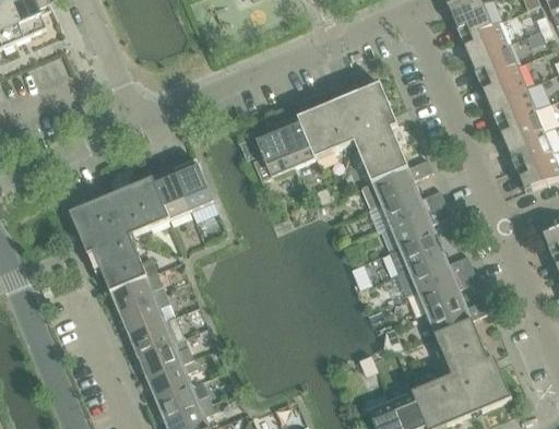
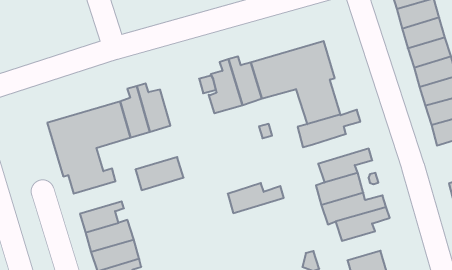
building: [380,187,445,225] -> [228,183,284,213]
building: [109,270,166,312] -> [135,157,184,190]
building: [426,296,490,333] -> none

